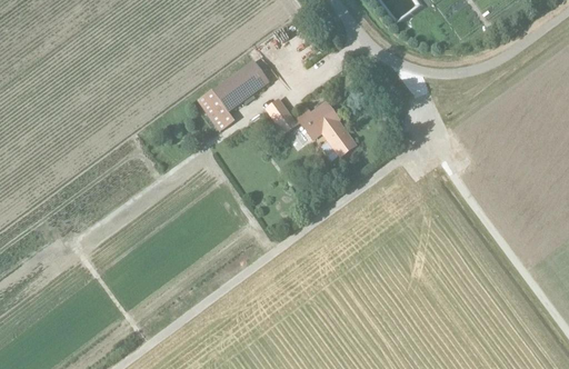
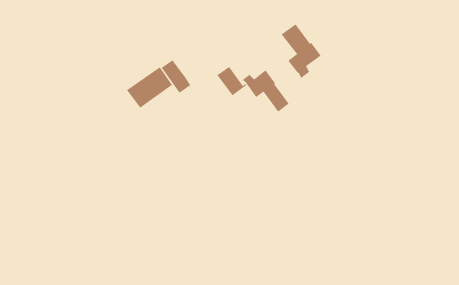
building: none -> [281,24,321,79]
building: [211,60,268,111] -> [126,67,173,108]

